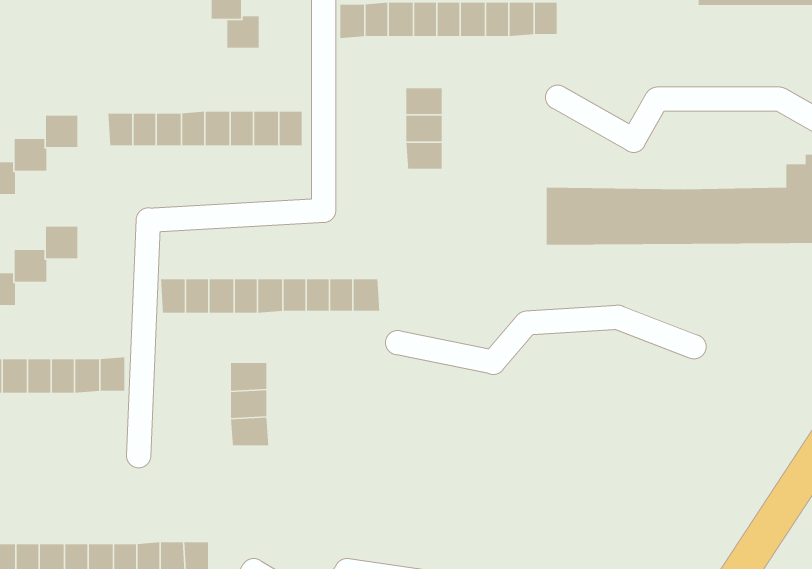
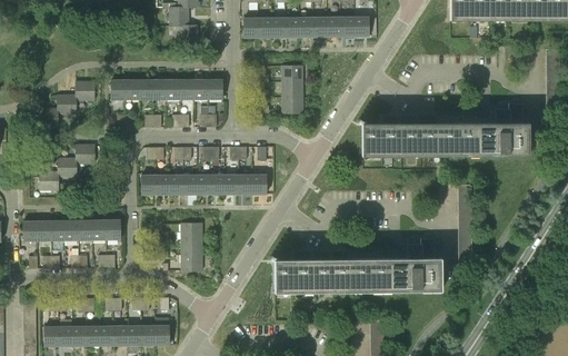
building: none -> [275,238,441,291]

